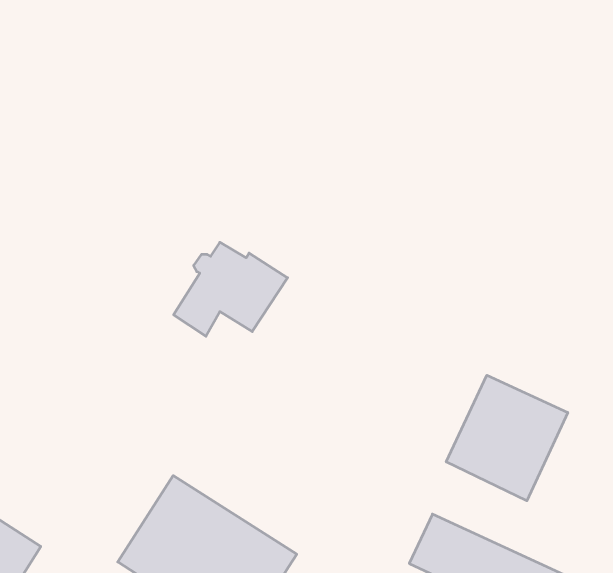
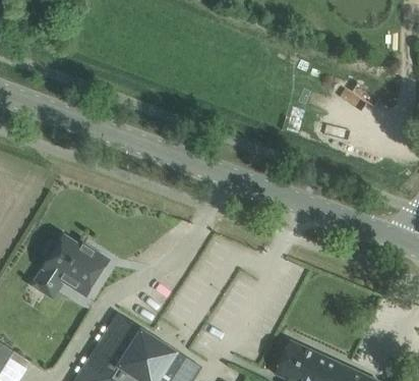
building: [174,242,288,336] -> [33,237,108,300]
building: [446,375,568,501] -> none

